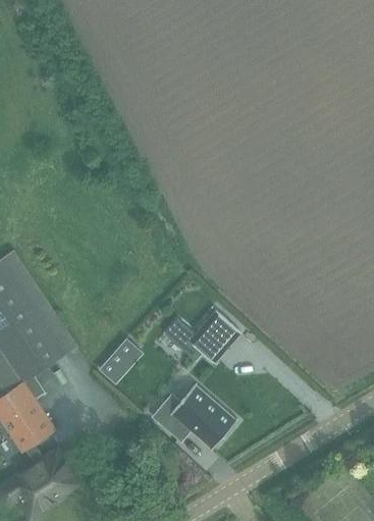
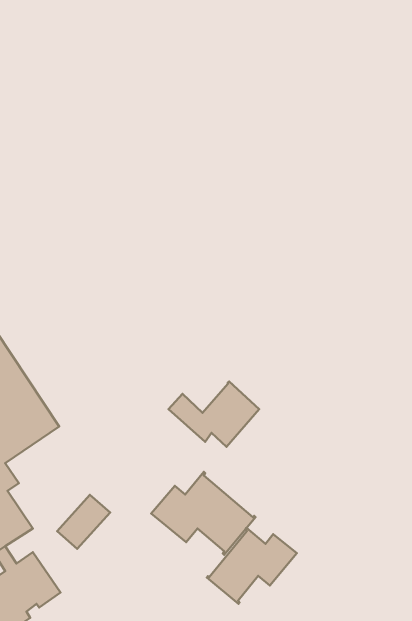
building: [98,338,141,382] -> [57,495,110,549]
building: none -> [207,528,297,604]

